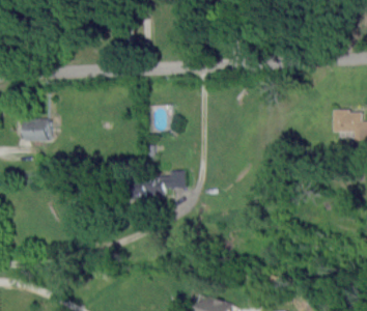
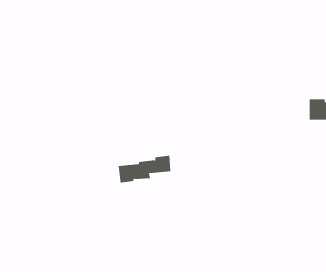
building: [21,119,49,141] -> none

